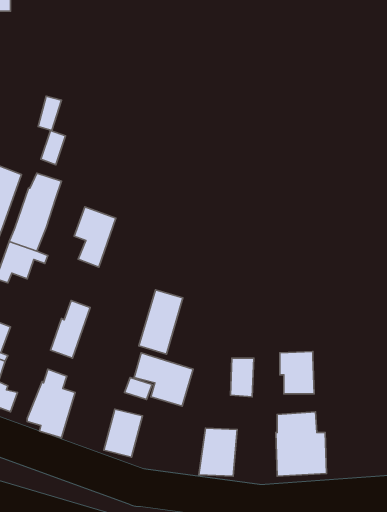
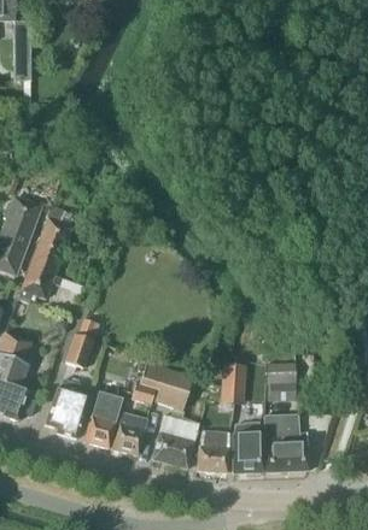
building: [74,207,116,267] -> none
building: [139,290,183,354] -> [84,390,123,447]
building: none -> [151,416,198,467]
building: none -> [232,420,264,472]

